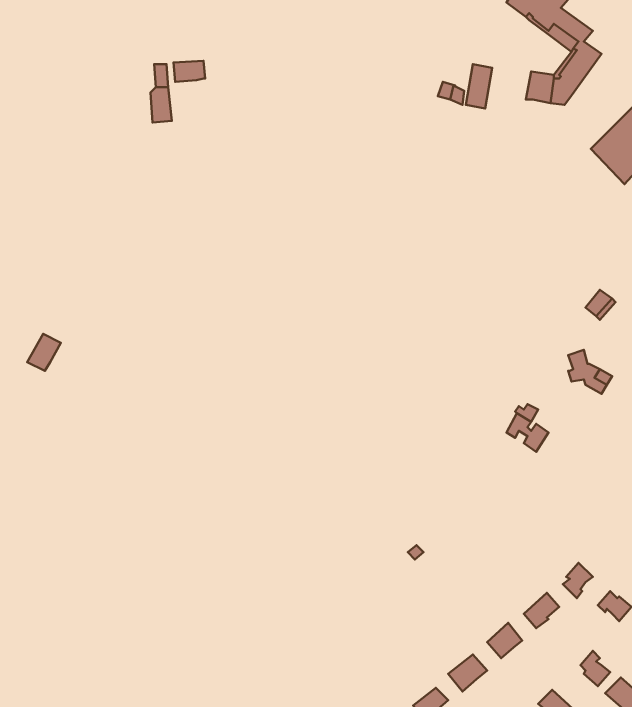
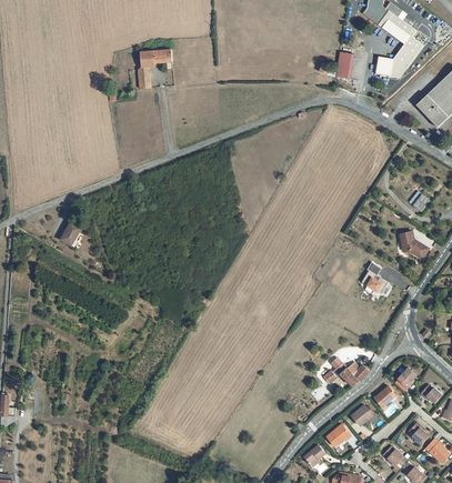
building: none -> [323,361,369,385]

